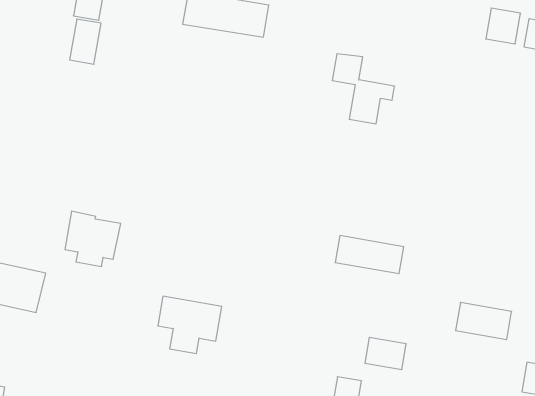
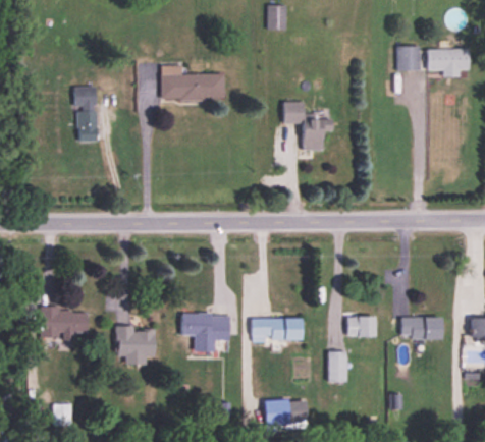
building: [65,211,121,266] -> [115,326,155,365]
building: [335,236,404,274] -> [251,318,302,339]
building: [456,302,512,339] -> [401,317,442,339]

